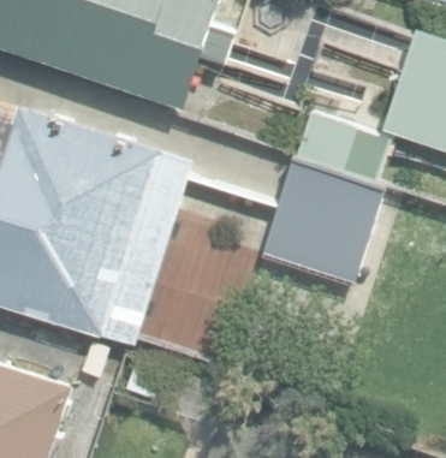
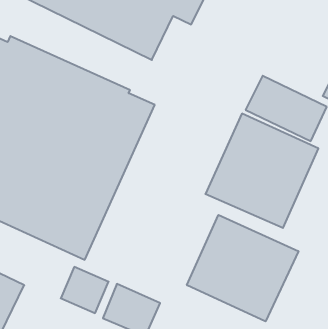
building: none -> [187,215,298,321]

